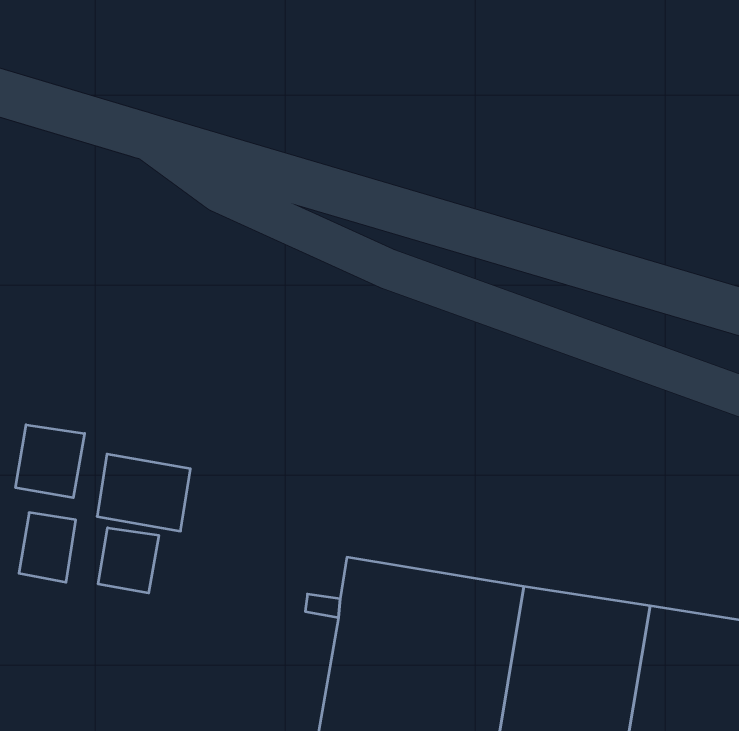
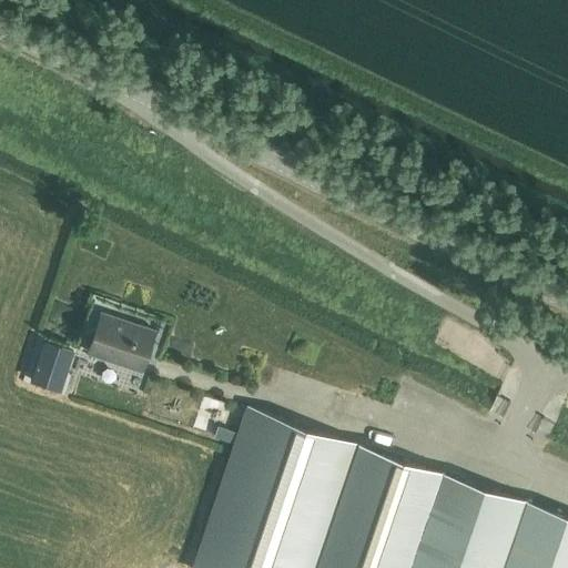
building: [16,425,85,498] -> none
building: [98,528,159,593] -> none

